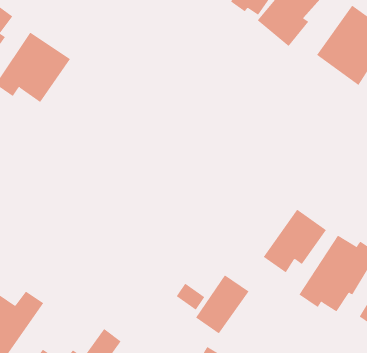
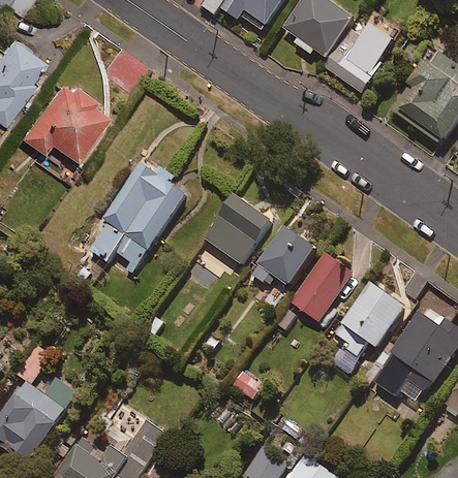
building: none -> [88,160,187,266]
building: none -> [204,195,271,264]
building: none -> [250,225,314,286]
building: [195,275,250,334] -> [291,253,354,322]

